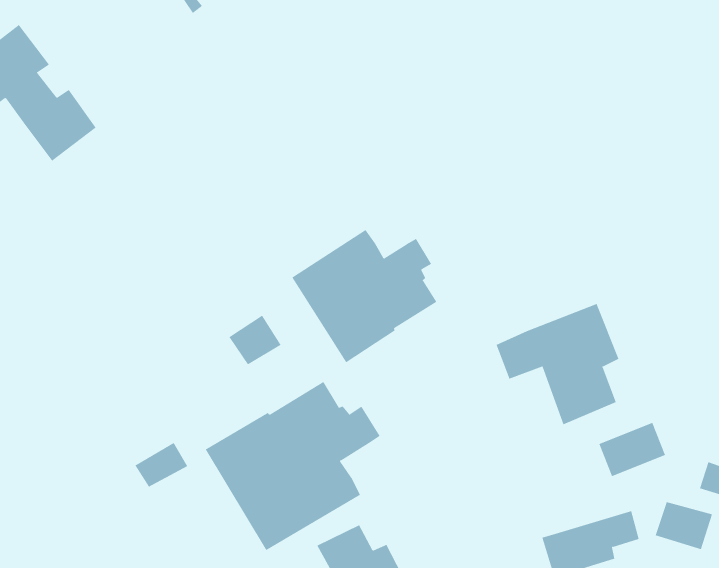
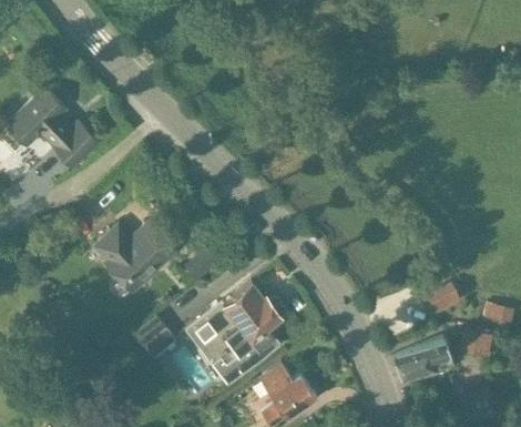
building: [292,229,437,363] -> none
building: none -> [94,222,175,292]
building: [496,303,619,425] -> none

